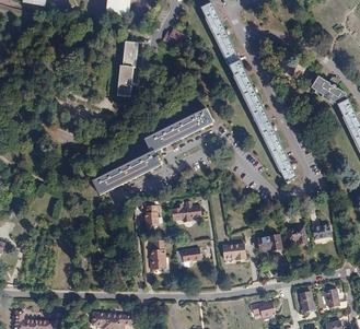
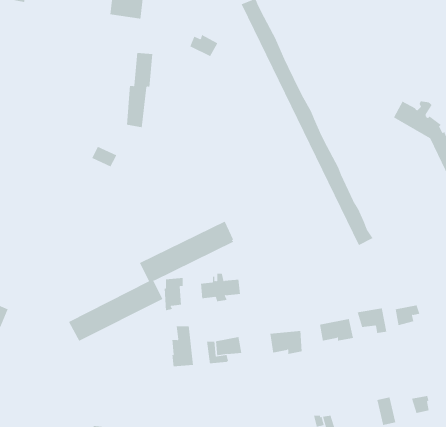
building: [92,107,212,195] -> [68,221,234,342]

